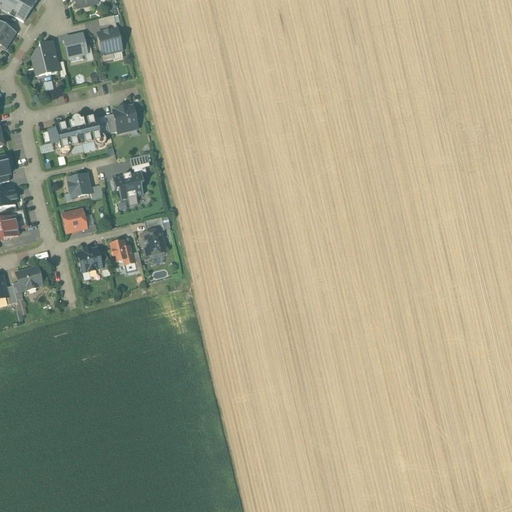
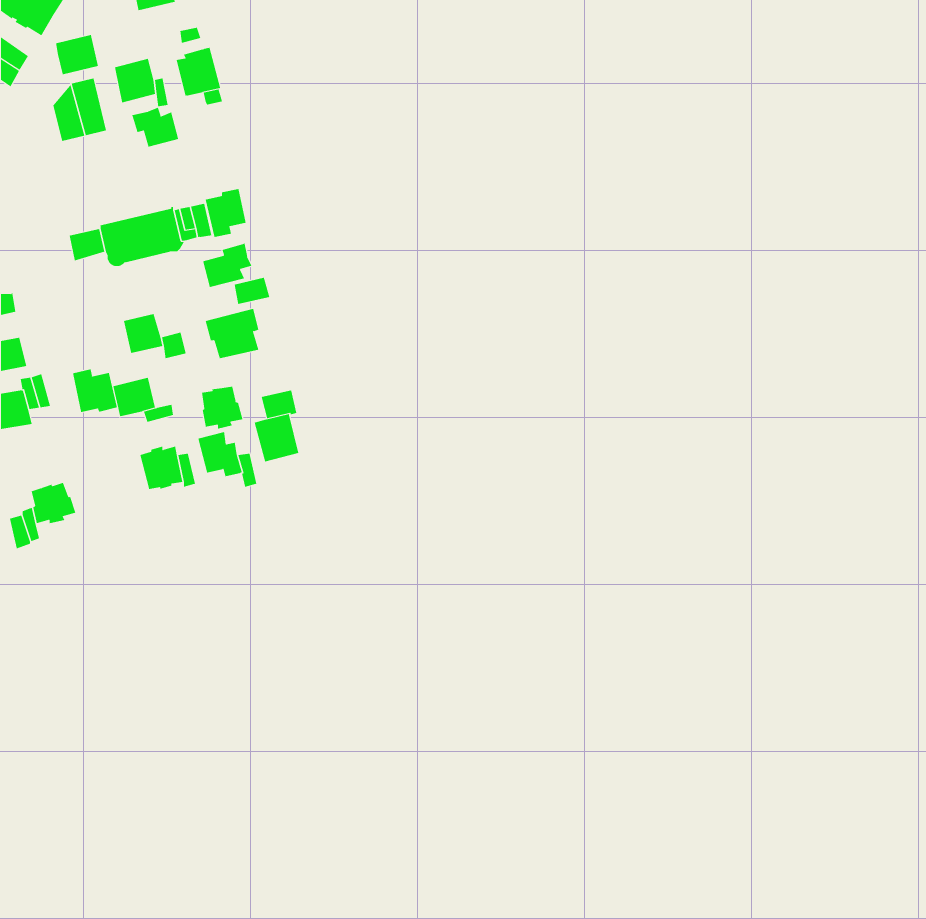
building: none -> [55,34,98,75]
building: none -> [131,107,179,148]
building: none -> [203,243,252,288]
building: none -> [73,368,117,413]
building: none -> [202,386,243,430]

